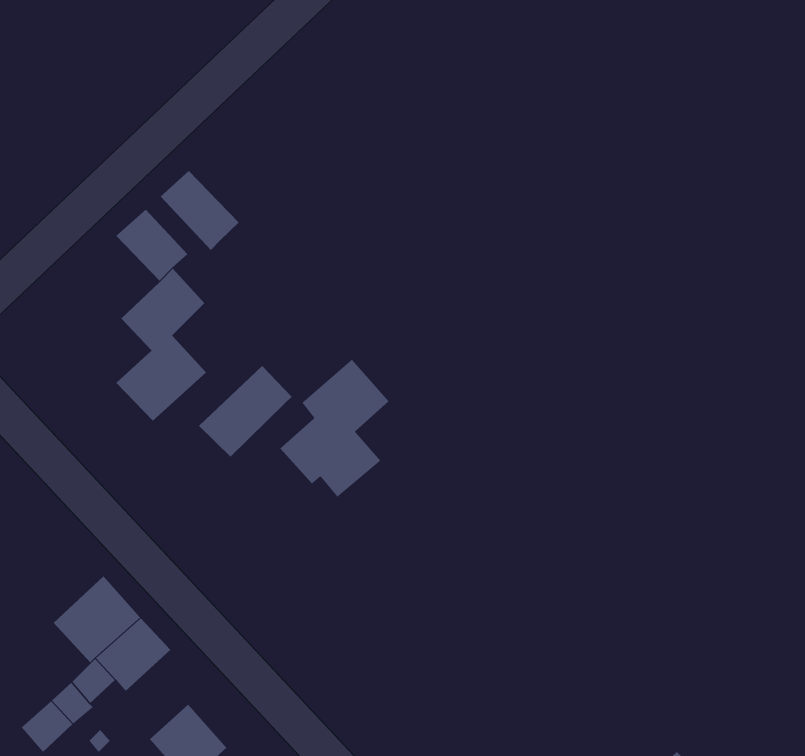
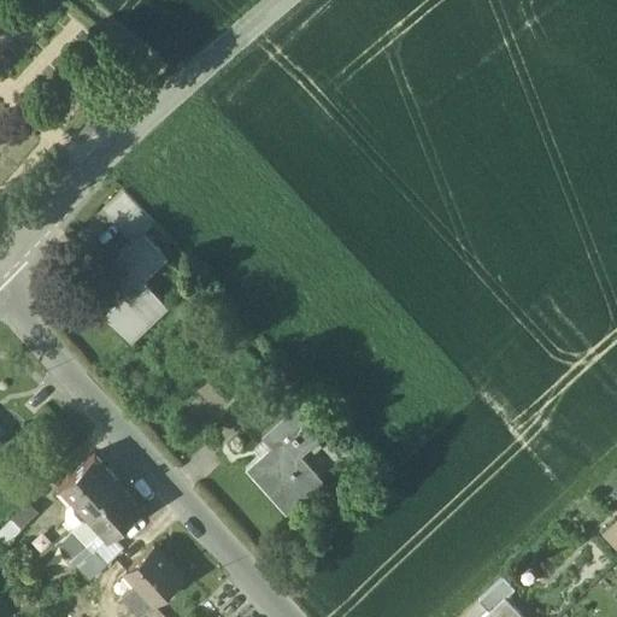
building: [160,170,240,251] -> none
building: [280,359,390,498] -> [248,410,327,509]
building: [198,365,293,457] -> none

